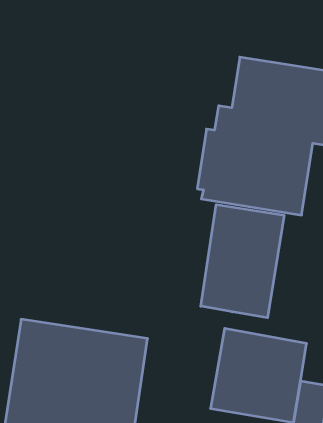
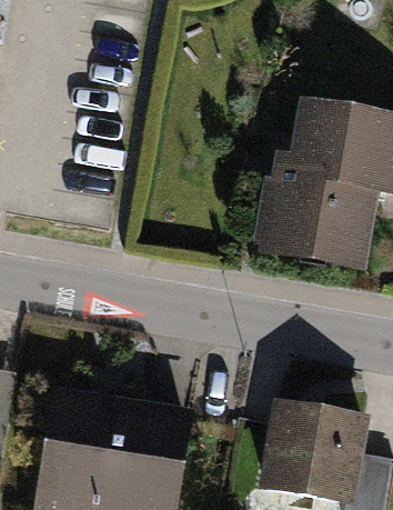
building: [201,205,284,318] -> none

